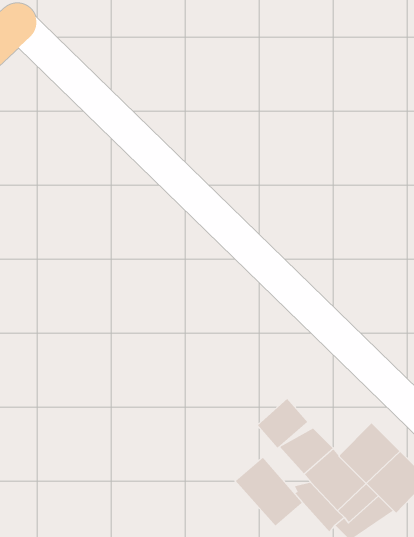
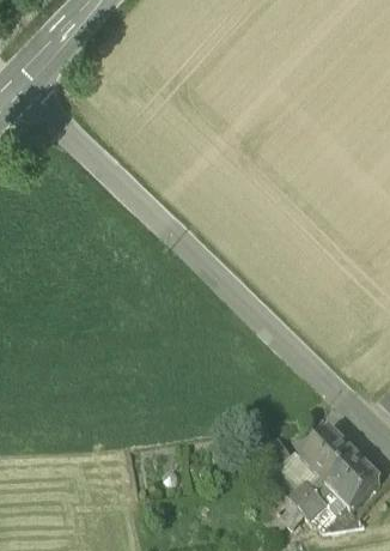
building: [257,398,308,448] -> none
building: [235,457,302,526] -> none

